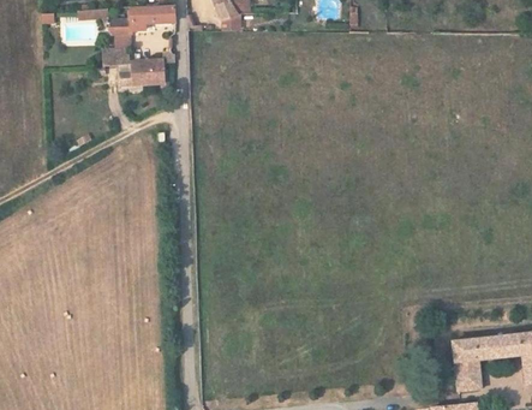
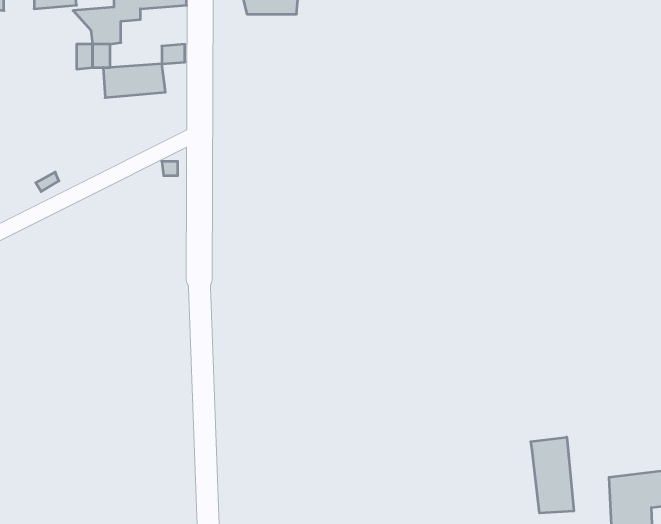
building: none -> [531,437,574,513]

